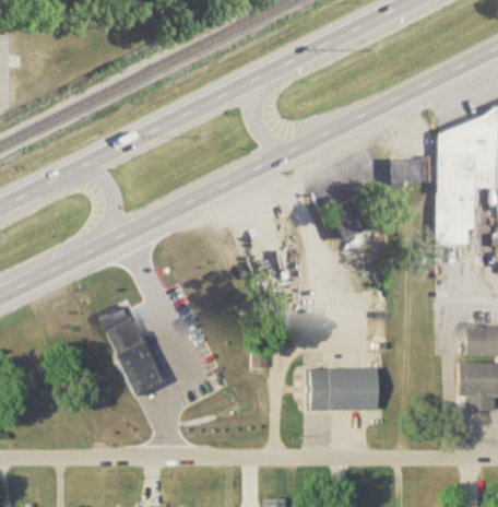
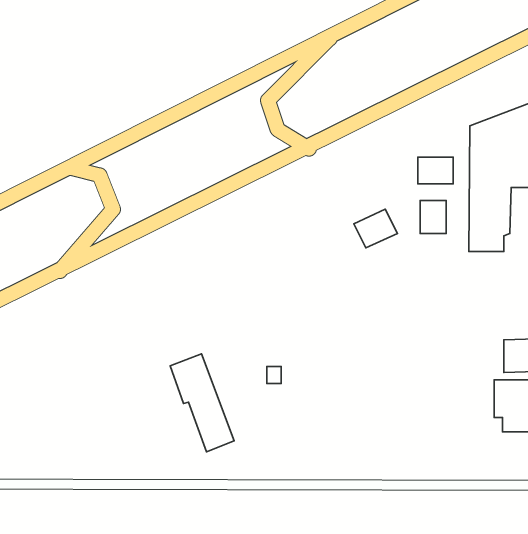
building: none -> [420,201,446,233]
building: [103,306,161,394] -> [170,354,234,452]
building: [311,367,378,409] -> none

